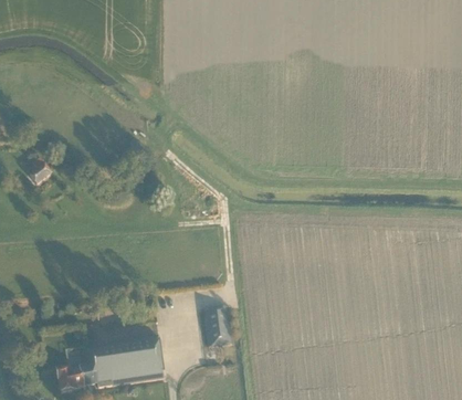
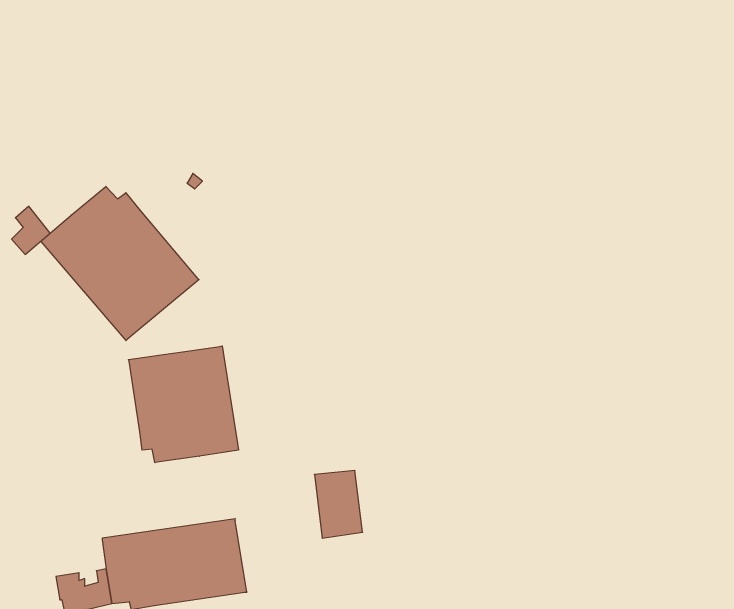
building: none -> [41,186,199,341]
building: none -> [128,346,239,463]

